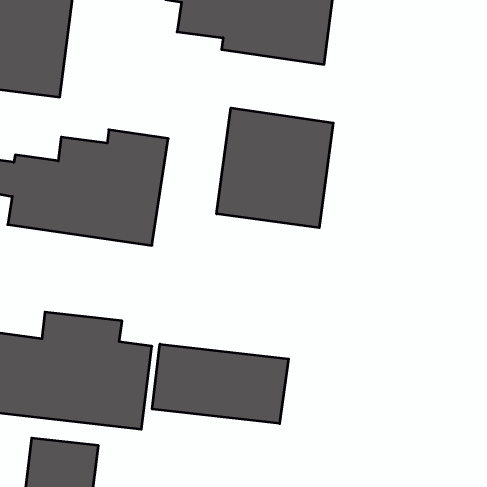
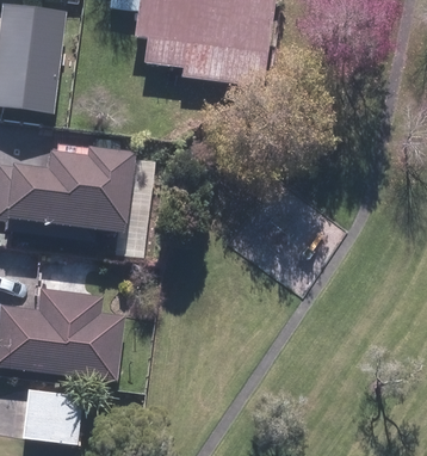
building: [217,108,333,228] -> none
building: [152,344,289,424] -> none

